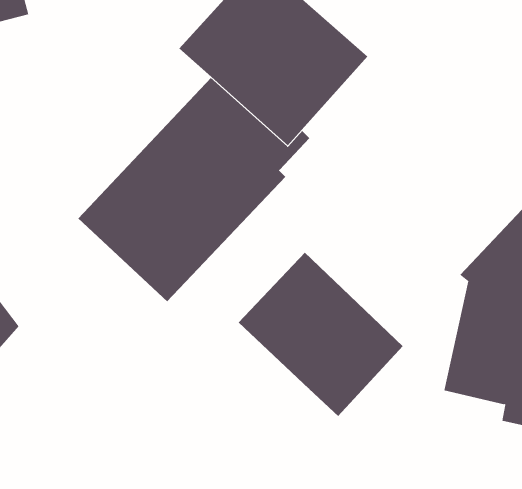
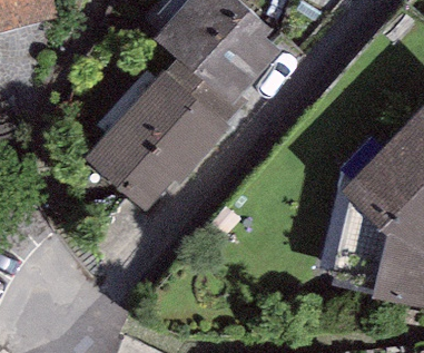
building: [238,252,403,417] -> none

